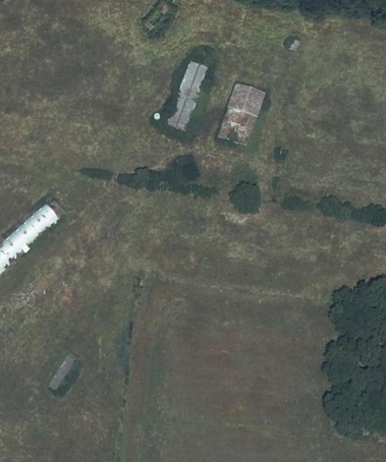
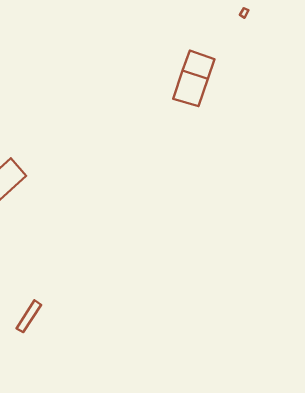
building: [167,60,209,130] -> none

